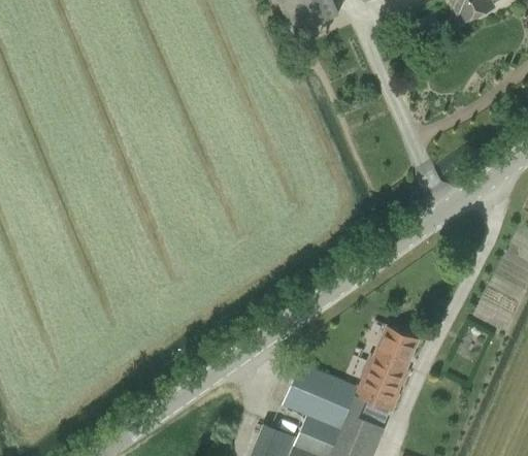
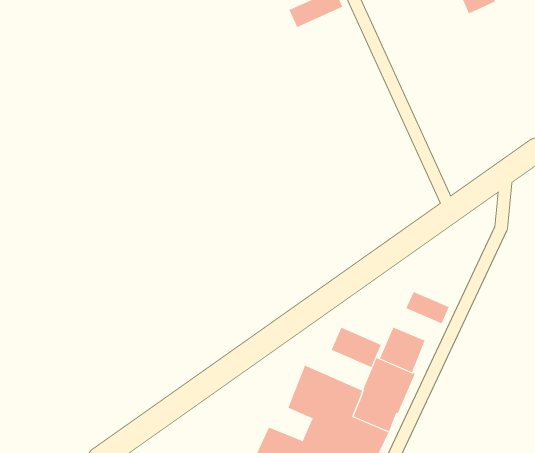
building: none -> [406,291,450,324]
building: none -> [331,327,382,368]

